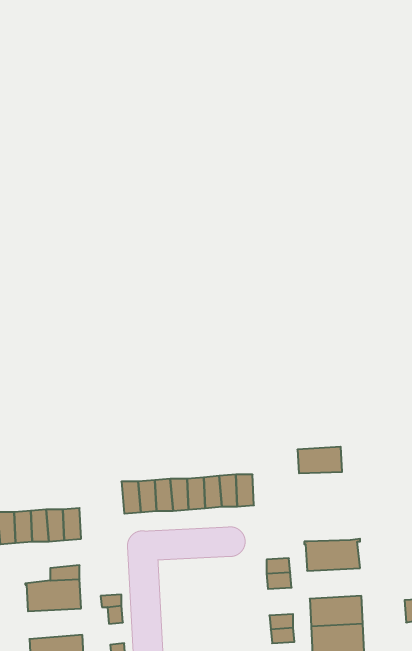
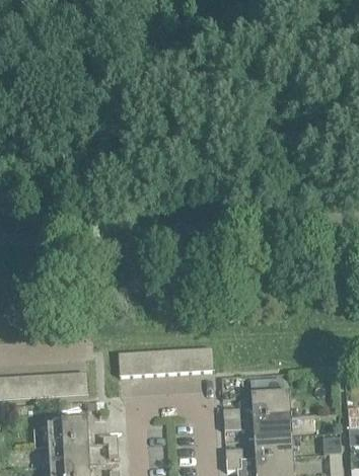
building: [297,447,342,473] -> [250,377,283,396]
building: none -> [252,415,291,438]
building: none -> [49,445,88,467]

